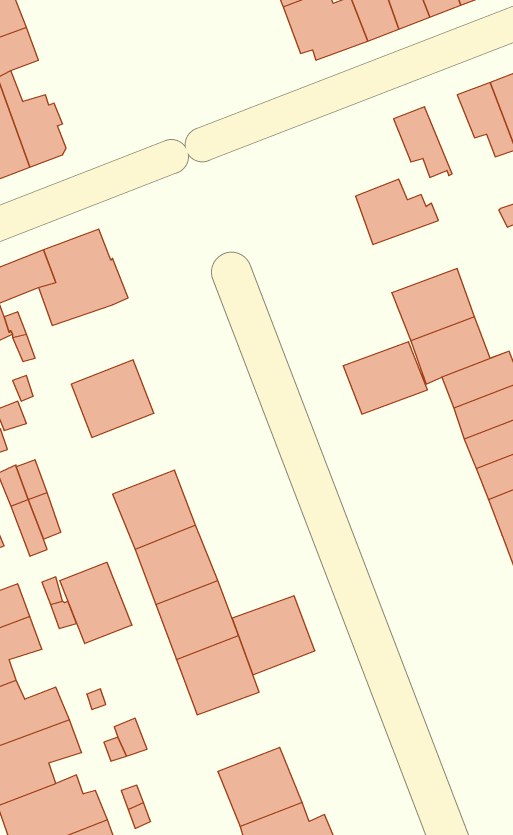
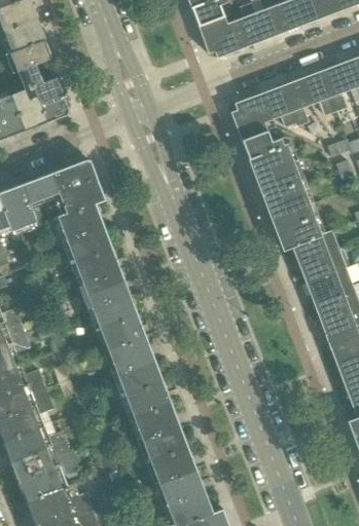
building: none -> [282,78,312,125]
building: none -> [230,92,274,139]
building: none -> [58,203,108,251]
building: [343,342,427,414] -> [251,153,301,196]
building: none -> [83,268,133,316]
building: [60,562,132,644] -> none
building: [232,596,315,675] -> [146,435,195,482]

